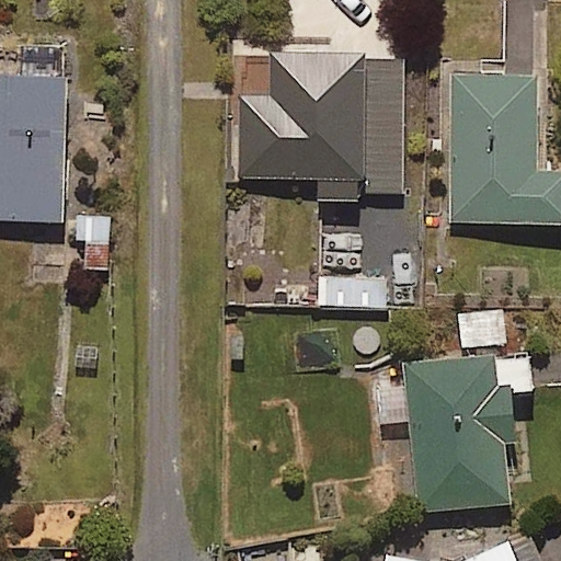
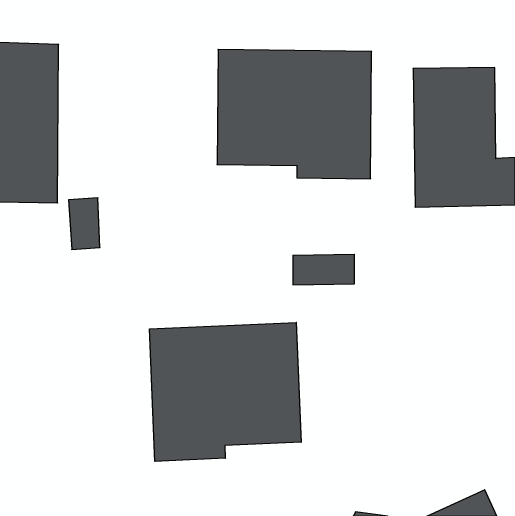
building: none -> [150,322,301,461]
building: [407,357,529,511] -> none

